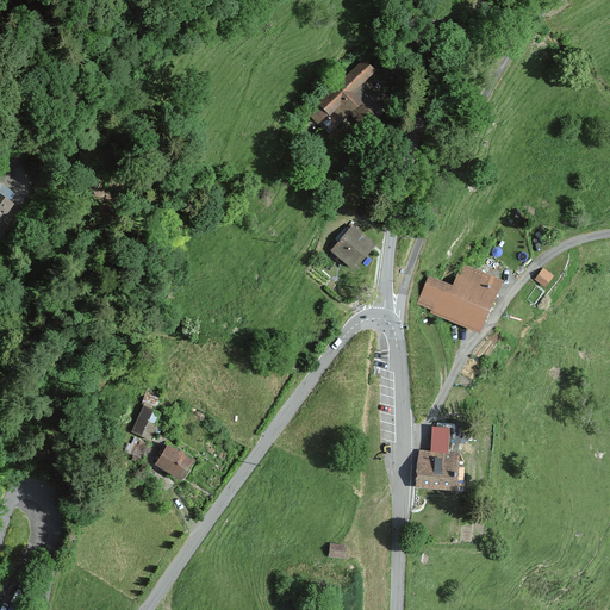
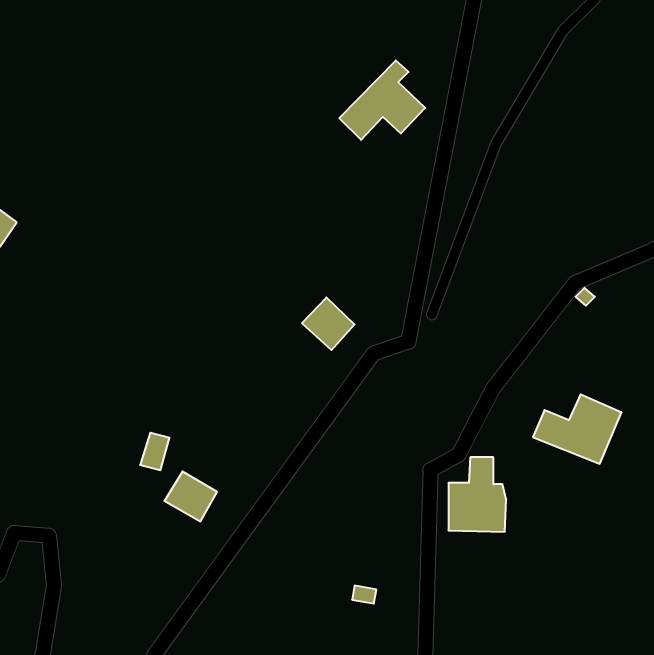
building: [324,223,373,272] -> [302,297,355,350]
building: [417,264,499,329] -> [533,395,622,464]

